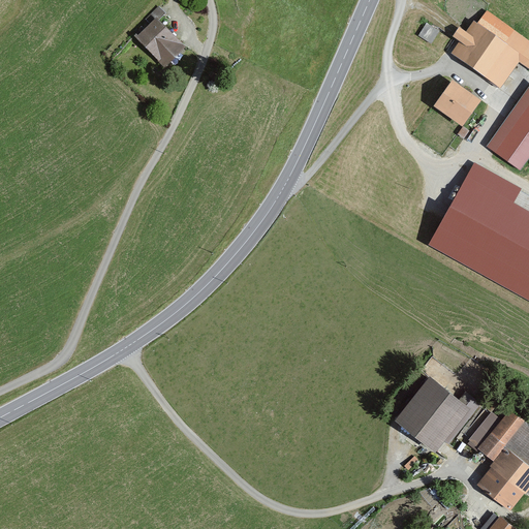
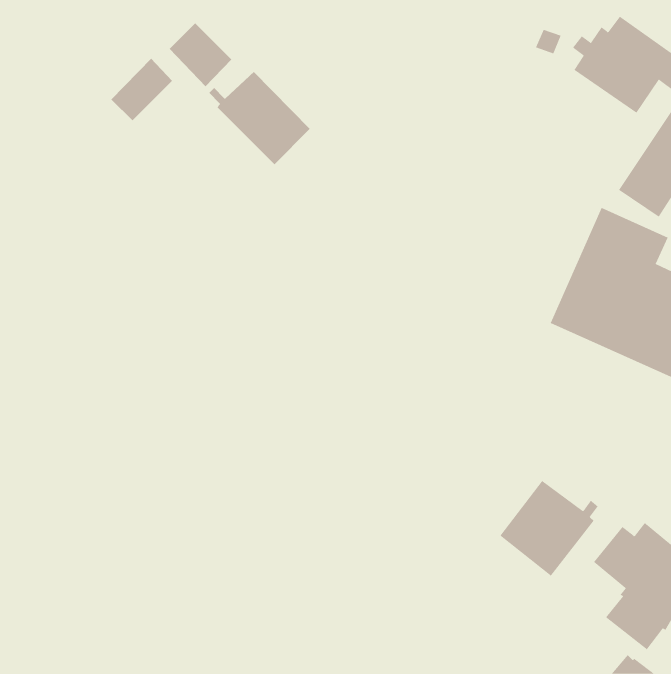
building: none -> [111,58,173,121]
building: none -> [209,71,310,165]
building: [432,81,479,127] -> none

